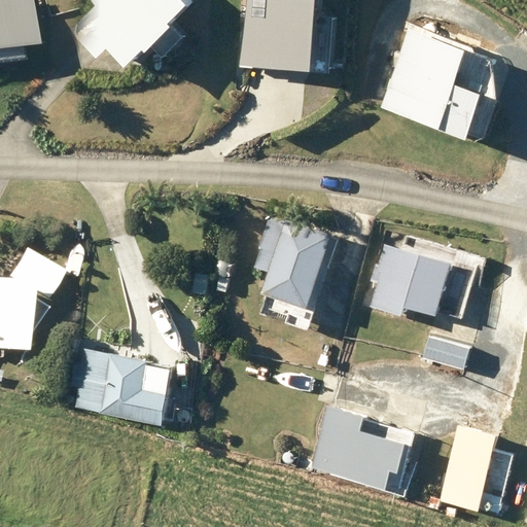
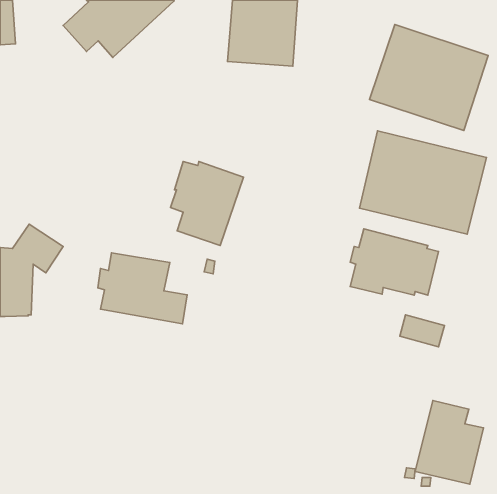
building: none -> [359,131,486,234]
building: [255,218,332,307] -> [171,162,243,245]
building: [71,349,166,424] -> [98,253,187,324]
building: [312,407,406,489] -> none

